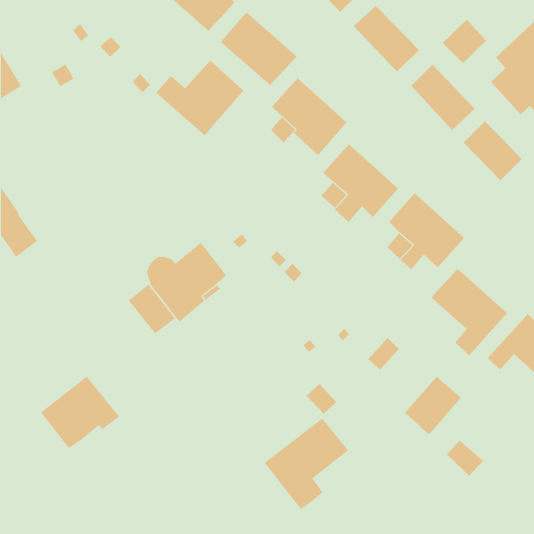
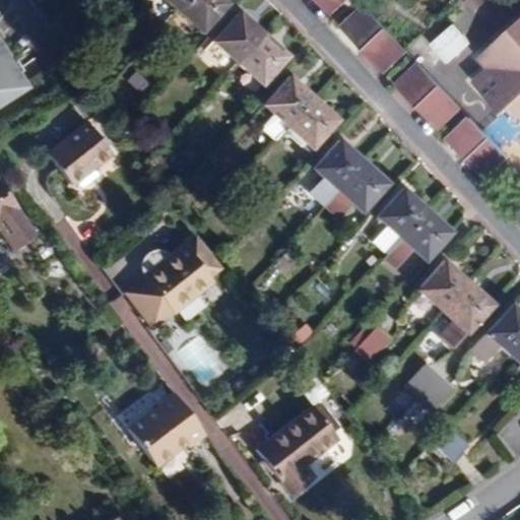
building: [155,60,244,136] -> none
building: none -> [48,121,113,187]
building: [40,376,120,449] -> [129,393,206,464]

